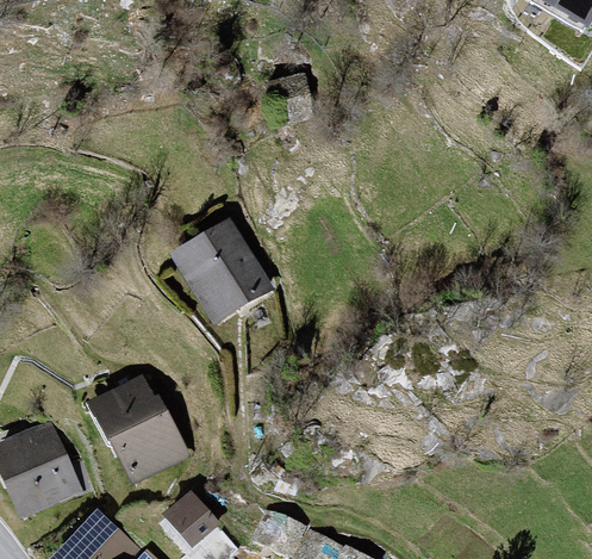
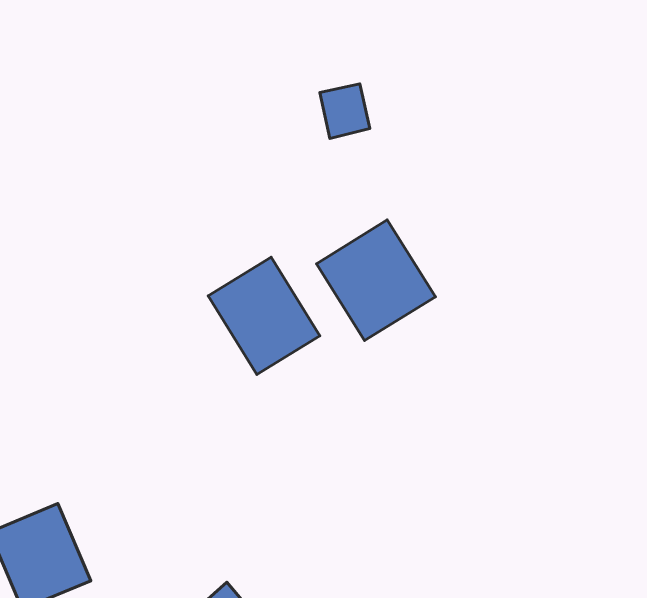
building: none -> [316,220,435,341]
building: [93,377,183,480] -> none

